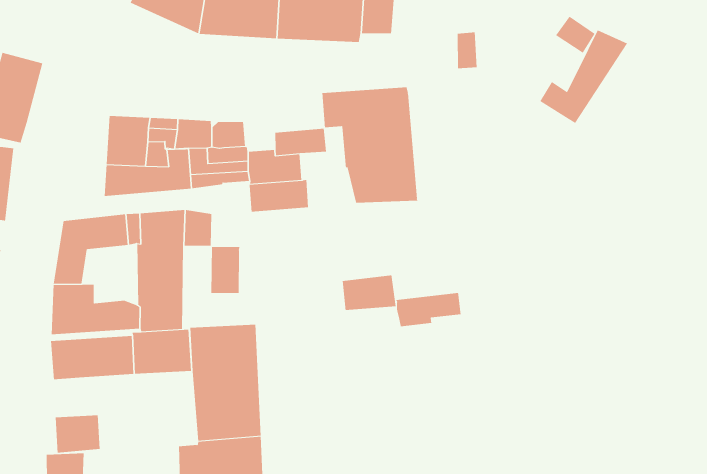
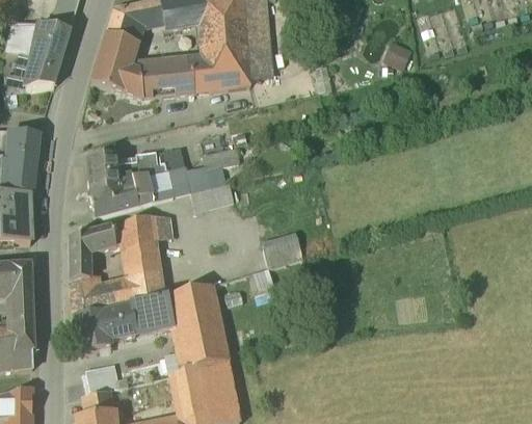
building: [539,30,628,124] -> none
building: [322,87,418,204] -> none
building: [211,246,240,294] -> none
building: [395,292,461,327] -> none

